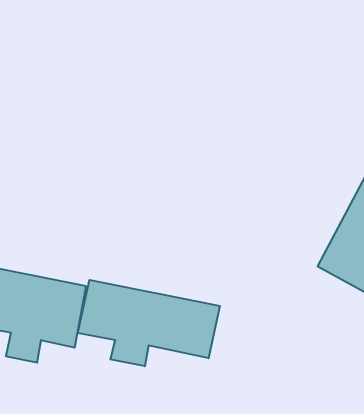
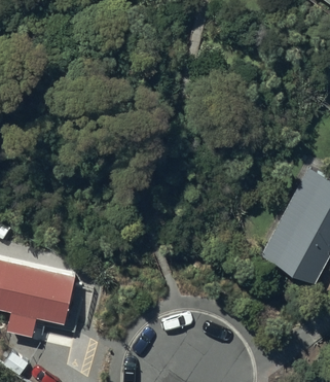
building: [78,280,220,366] -> none

